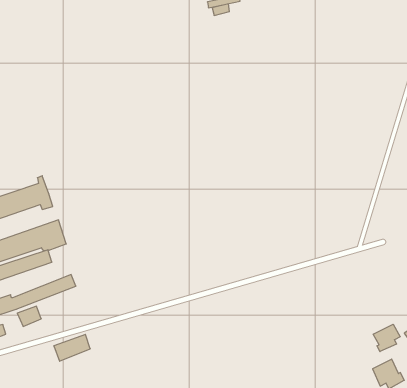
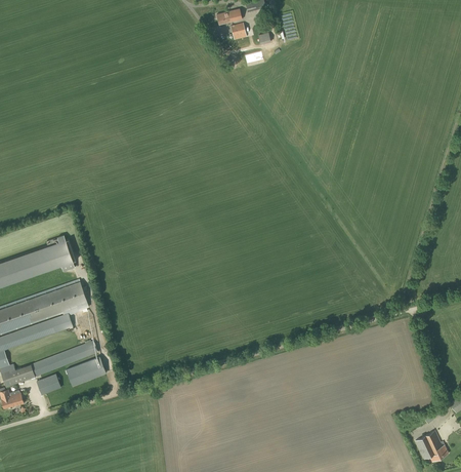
building: [373,324,400,352] -> none
building: [54,334,90,361] -> [66,357,104,386]

